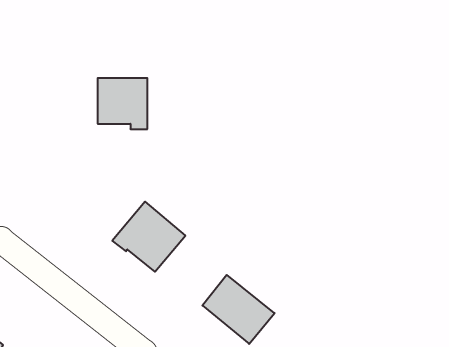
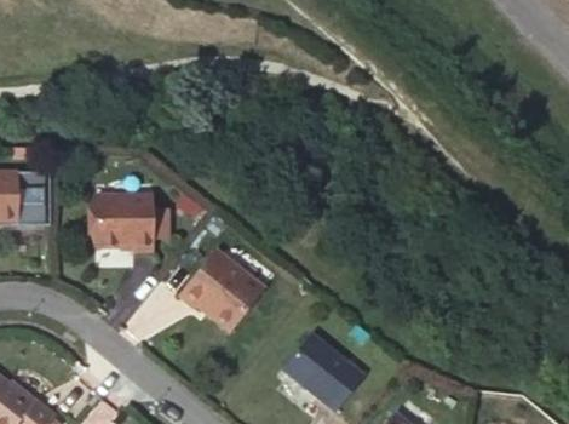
building: [98,78,147,129] -> [96,195,153,253]

